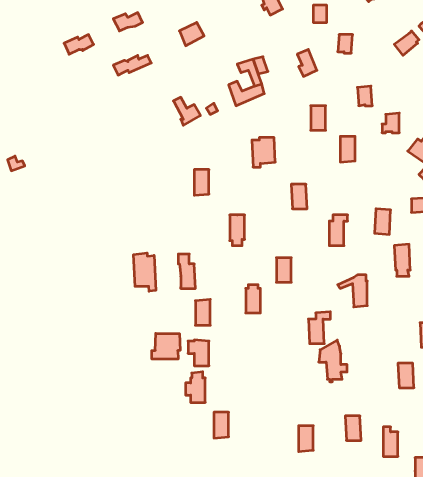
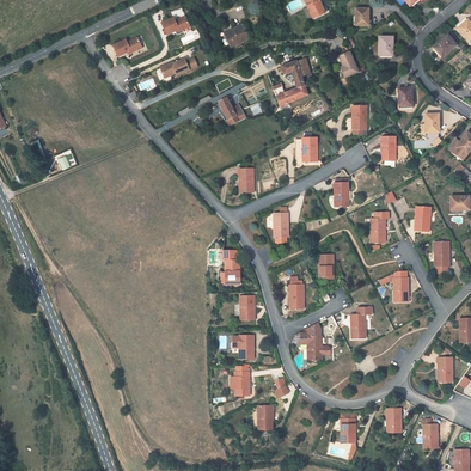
building: [134,253,156,291] -> none
building: [152,333,180,359] -> none
building: [319,340,347,382] -> [300,322,328,362]

